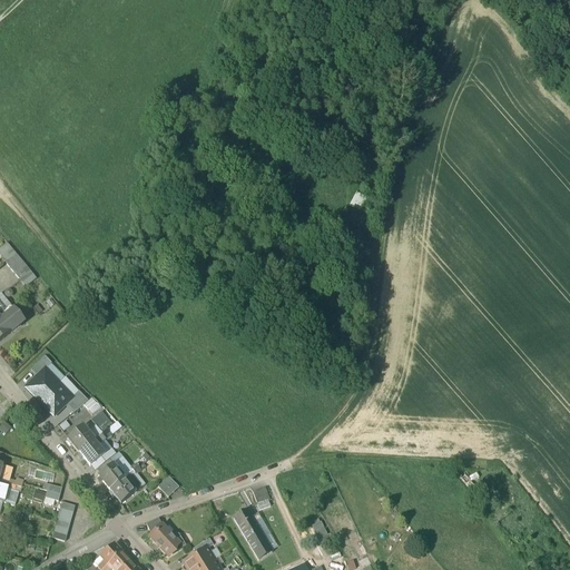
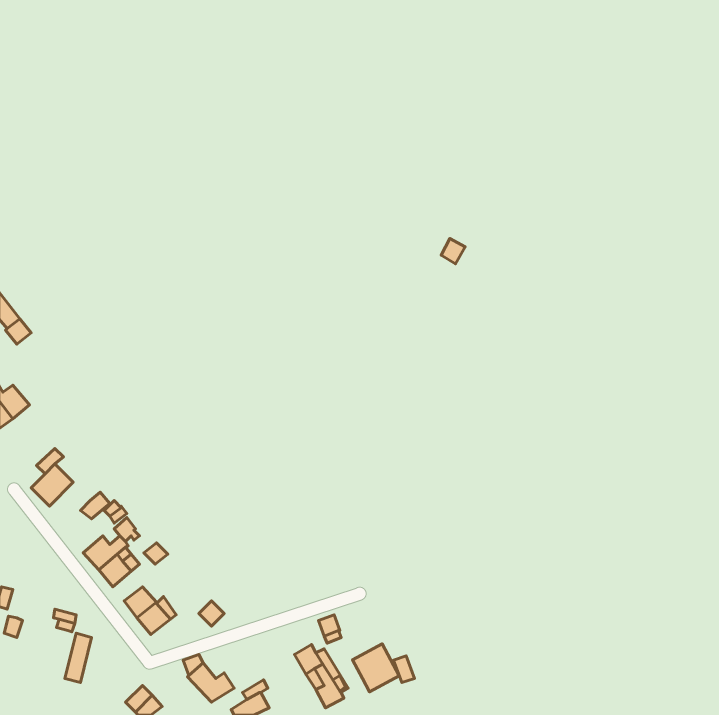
building: [39,381,71,414] -> none
building: none -> [352,644,399,692]

